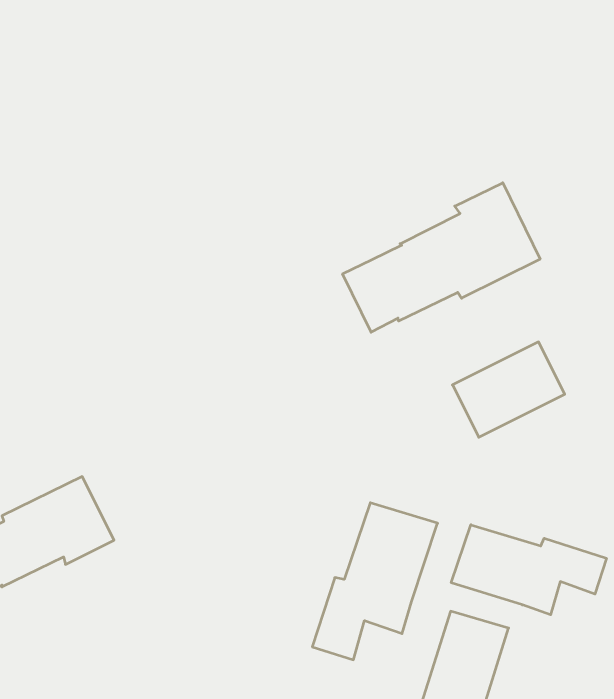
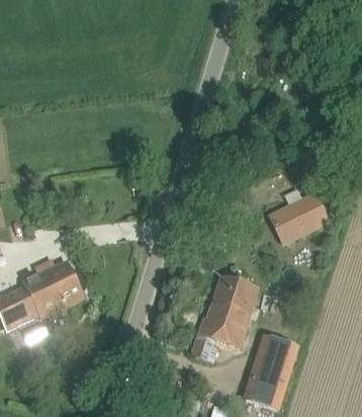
building: [343,183,540,332] -> none
building: [451,525,606,615] -> none

